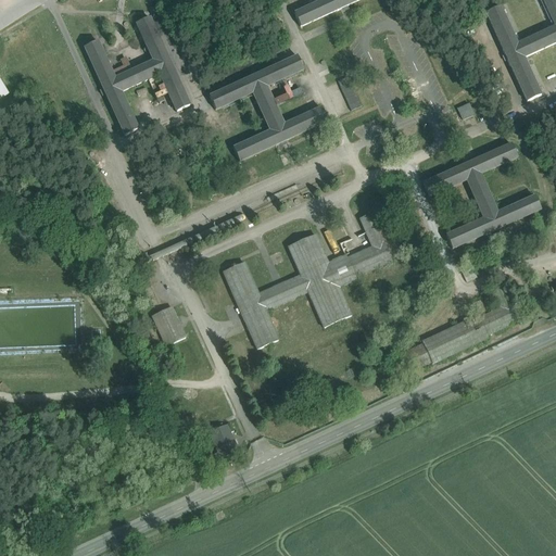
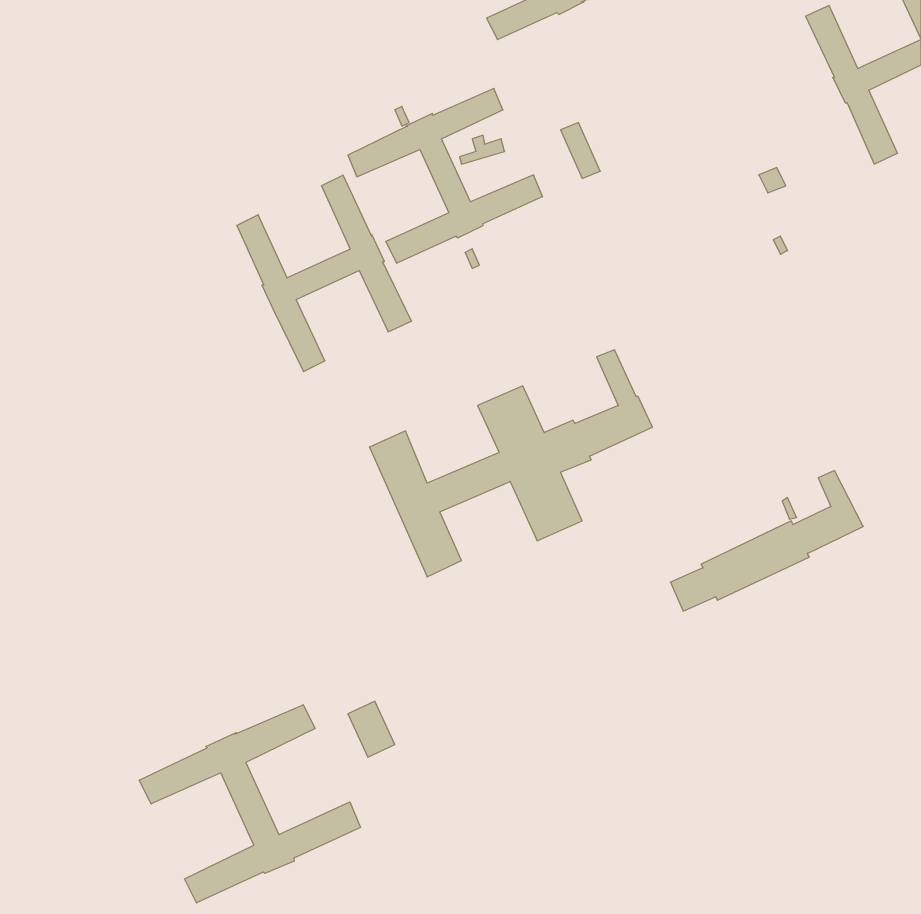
building: [85,14,190,132] -> [237,175,412,372]
building: [422,141,541,245] -> none
building: [152,304,186,344] -> none
building: none -> [139,705,360,903]

